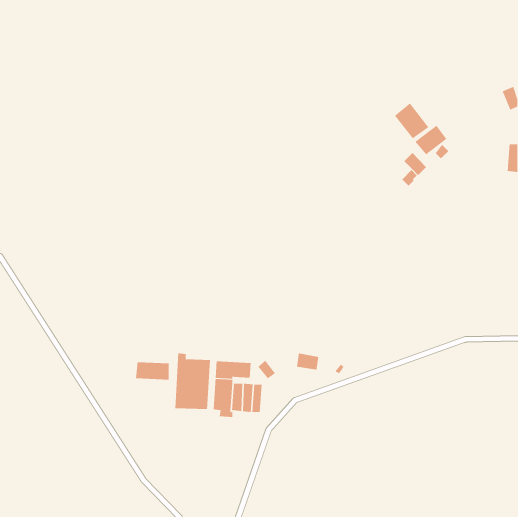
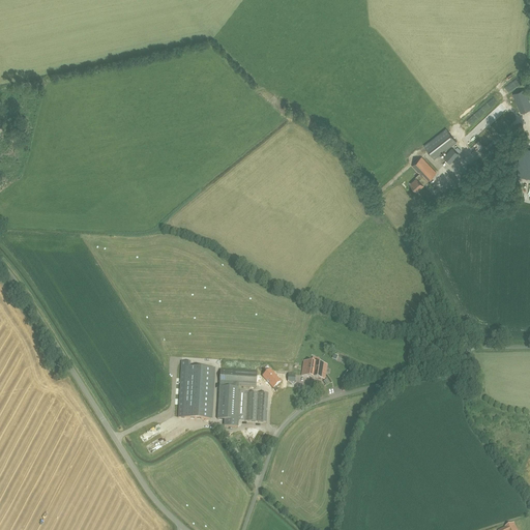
building: [394,102,429,139] -> none
building: [135,361,169,381] -> none

